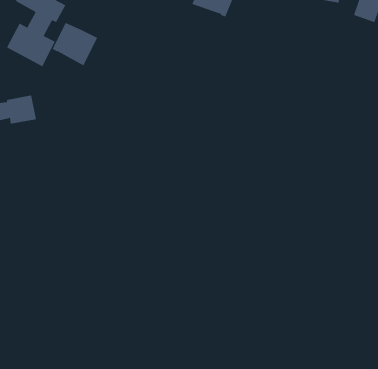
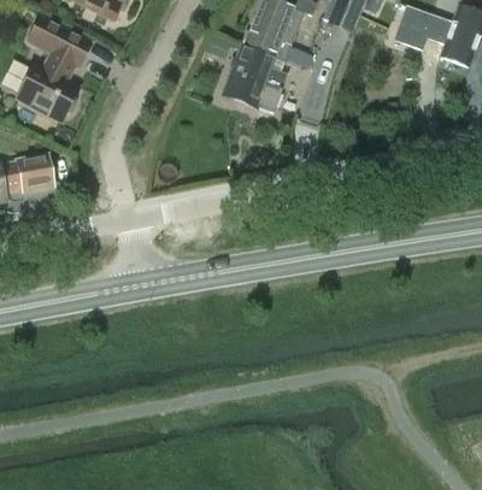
building: none -> [222,43,284,114]
building: [52,22,98,66] -> none

